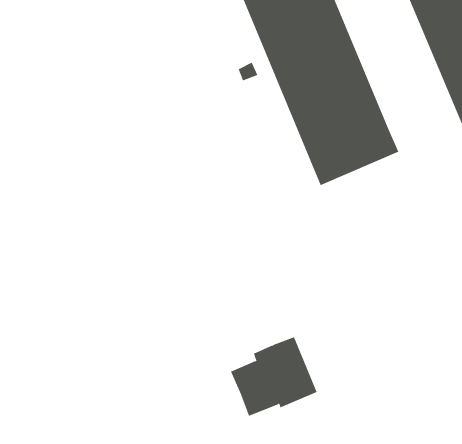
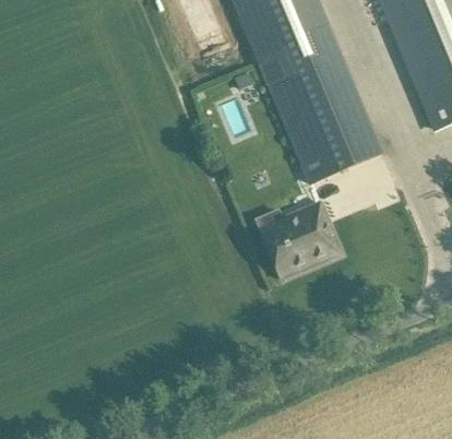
building: [230,336,318,417] -> [262,201,341,273]

